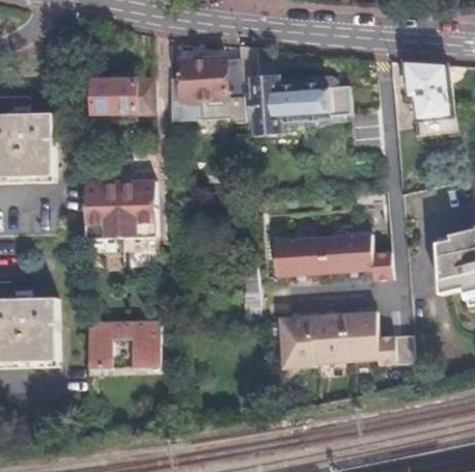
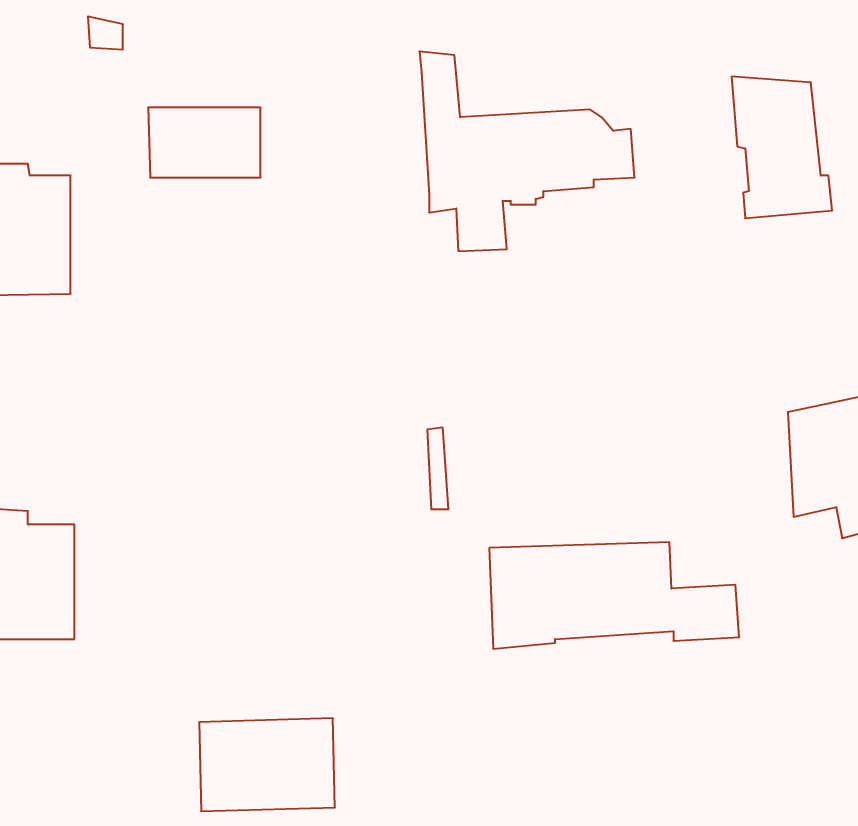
building: [172,58,244,124] -> none
building: [83,185,156,243] -> none
building: [272,230,370,273] -> none
building: [85,317,158,367] -> [199,718,335,811]

